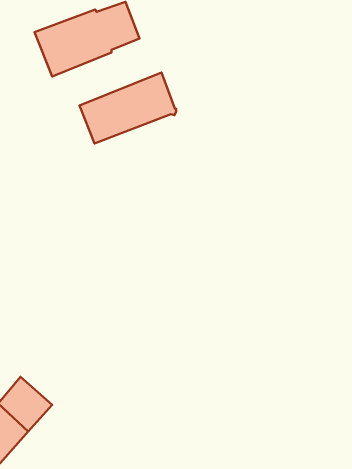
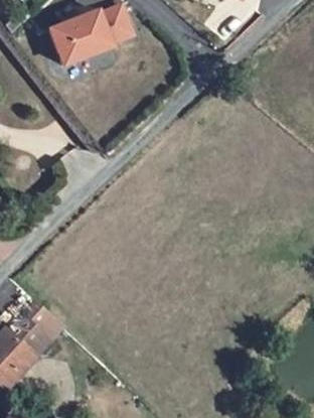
building: [79,72,176,143] -> none

